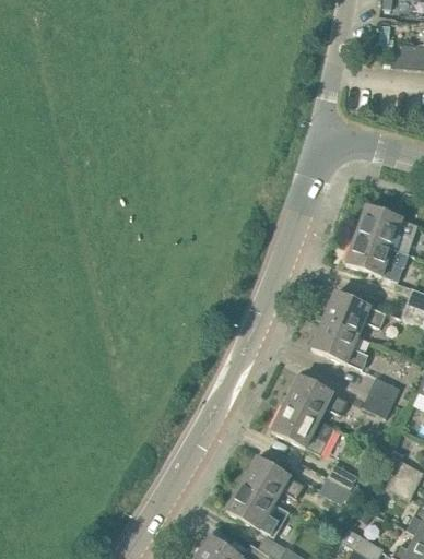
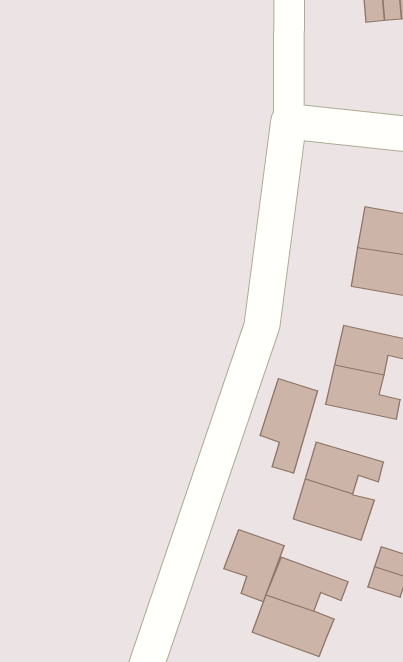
building: none -> [260,379,318,473]
building: none -> [224,530,284,602]

